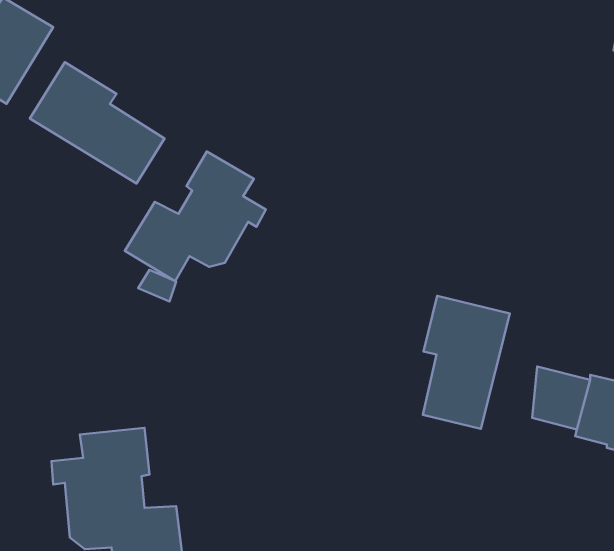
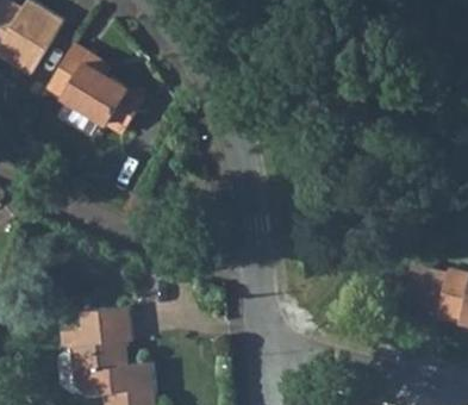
building: [125,152,266,281] -> none
building: [423,296,510,429] -> none

